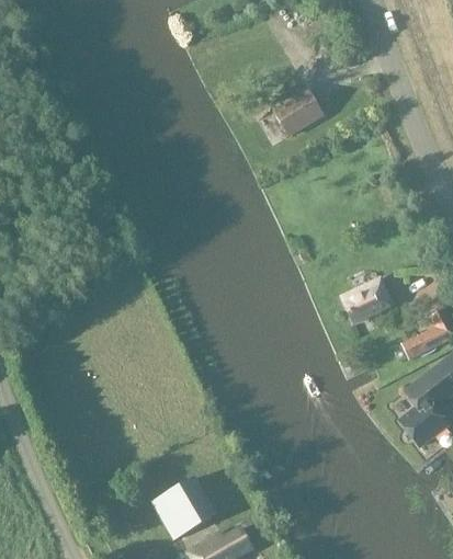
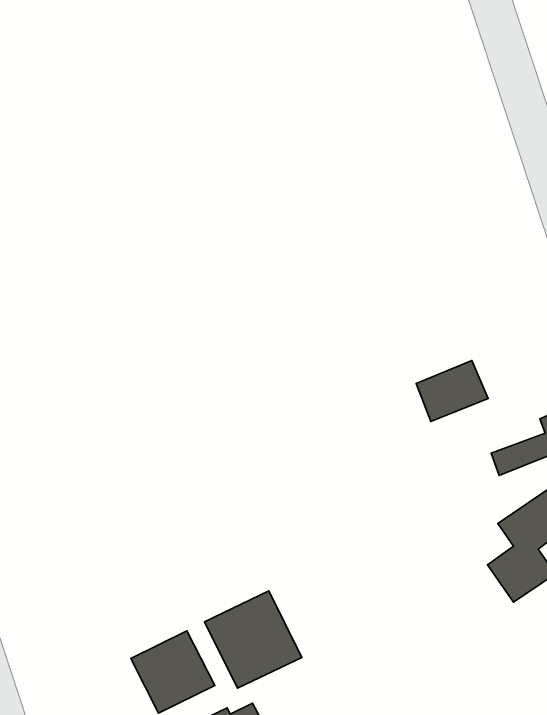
building: [272,88,322,136] -> none
building: none -> [205,591,302,688]

